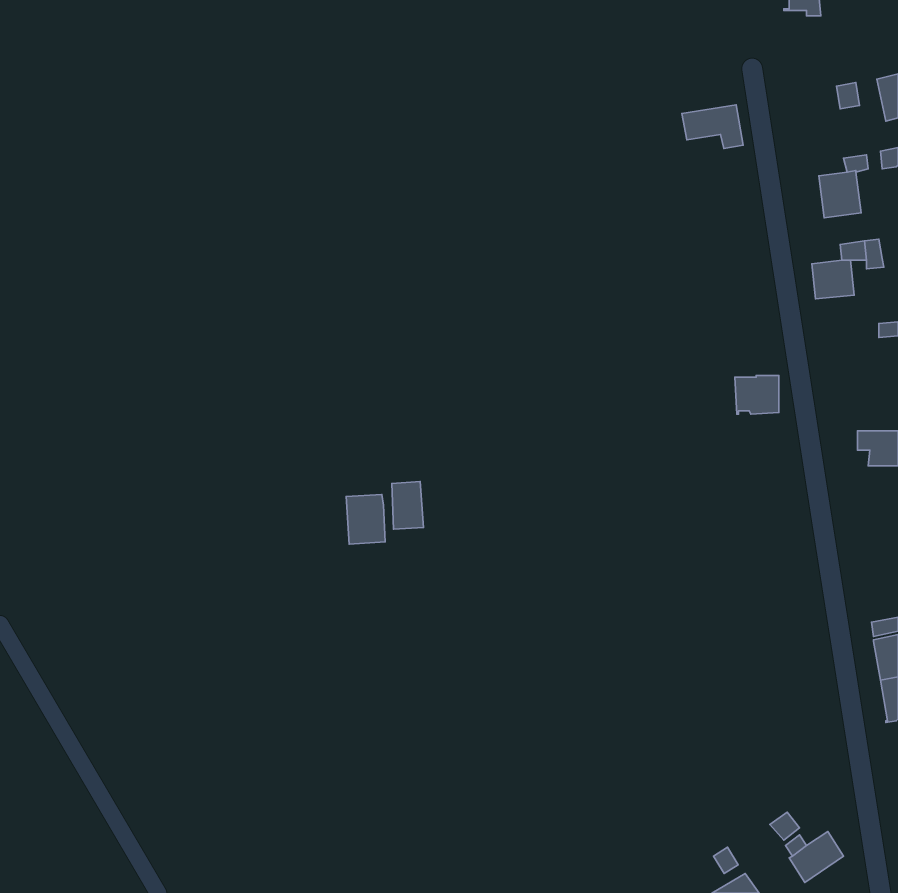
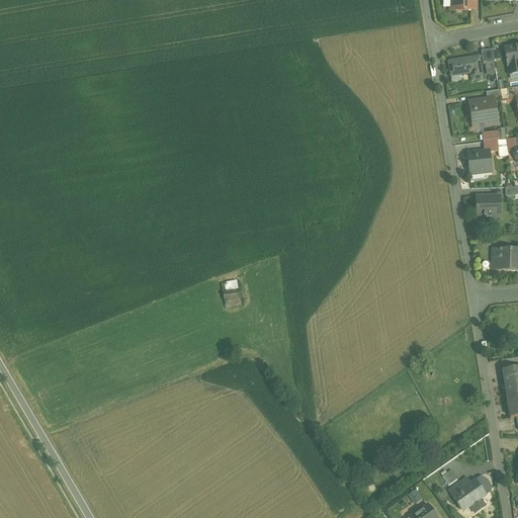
building: [682,105,743,149] -> [448,55,484,80]
building: [735,376,779,414] -> [476,194,501,217]
building: [346,494,385,544] -> none

